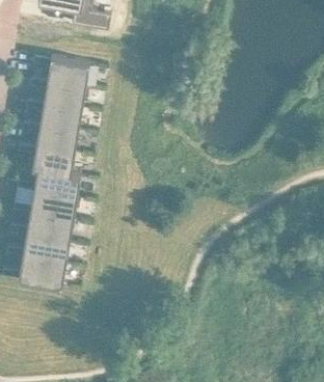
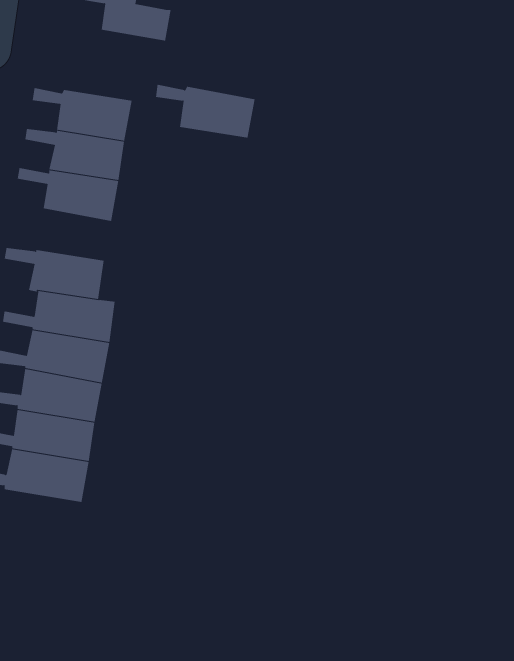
building: [23,120,79,151] -> [155,84,256,138]

